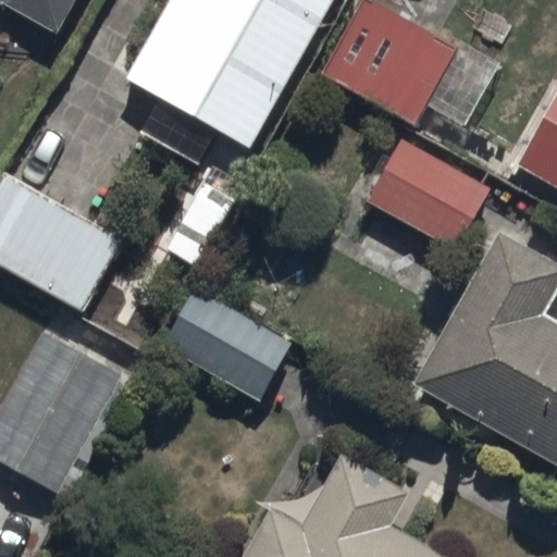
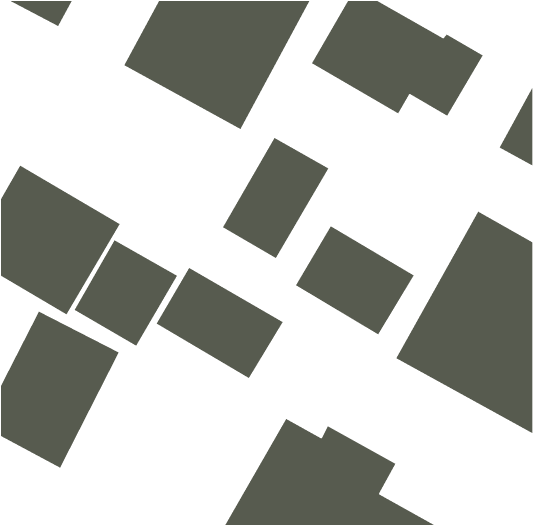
building: [369,138,494,253] -> [295,225,415,336]
building: none -> [222,137,329,259]
building: none -> [73,239,178,347]

